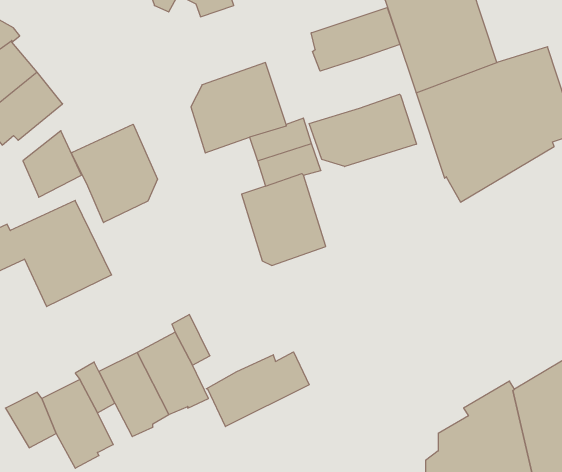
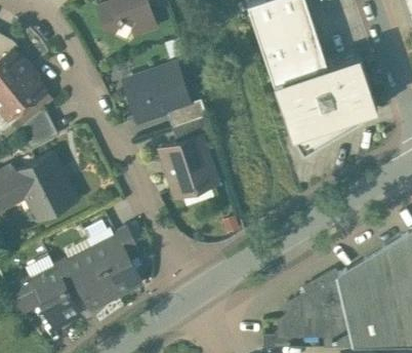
building: [311,8,400,71] -> none
building: [309,94,416,167] -> none
building: [71,124,157,223] -> none
building: [206,352,309,427] -> none

